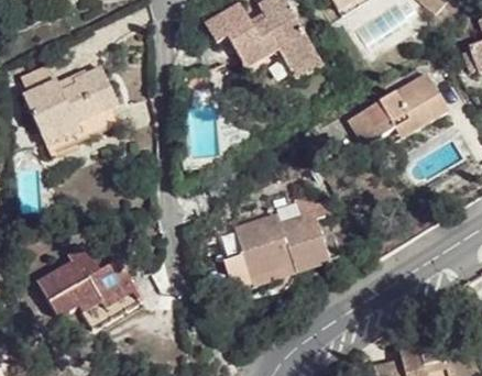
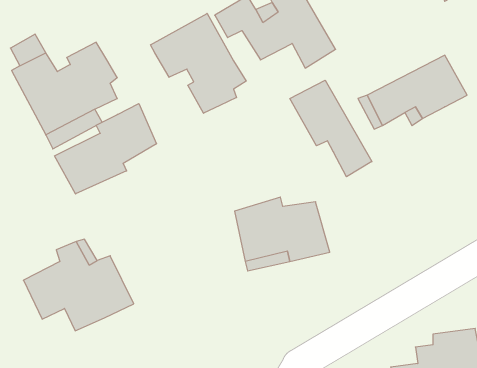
building: none -> [151,13,246,113]
building: none -> [290,80,372,177]
building: none -> [55,104,156,194]

